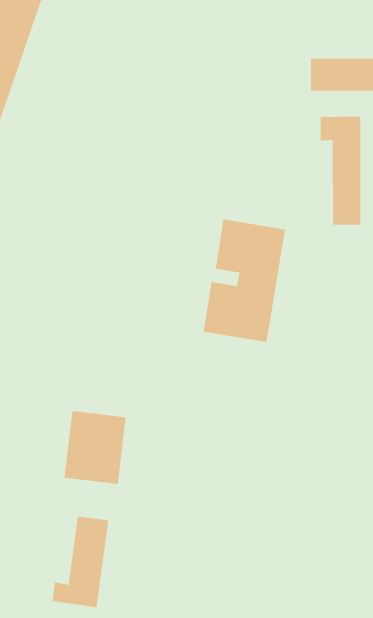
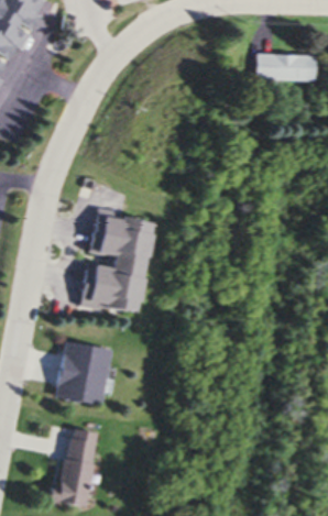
building: [320,116,361,226] -> none
building: [203,218,286,343] -> [81,211,150,314]

